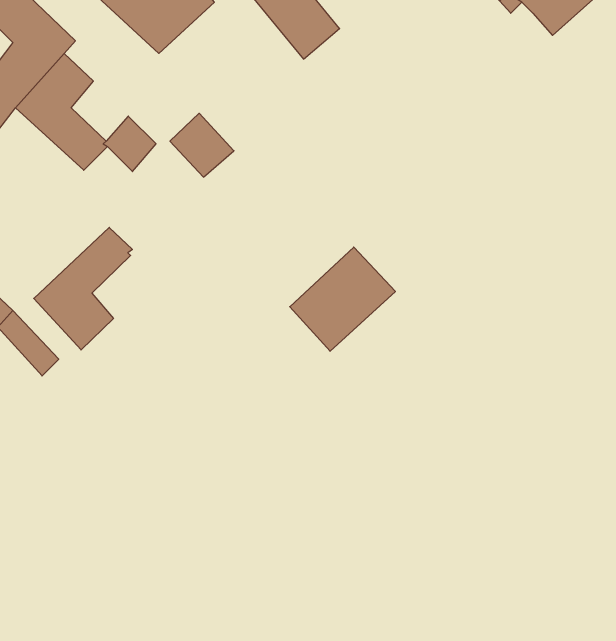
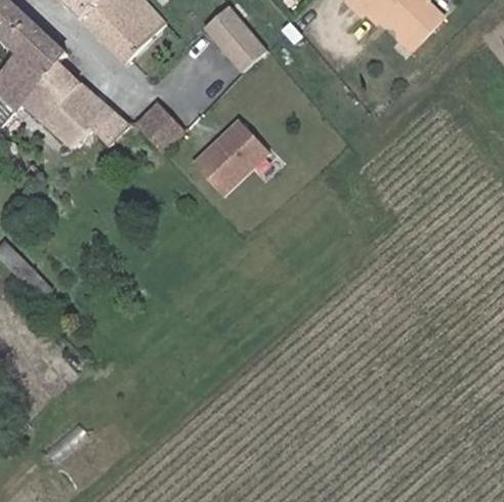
building: none -> [62,82,104,126]
building: [34,227,132,350] -> none
building: [290,247,395,351] -> [183,115,261,192]

